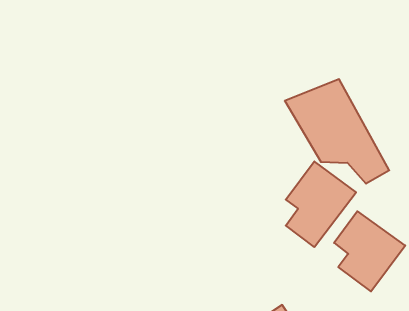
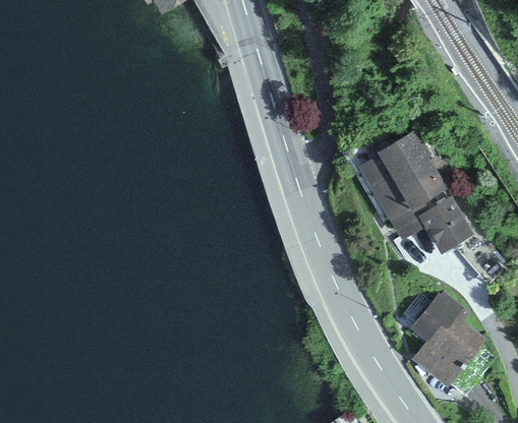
building: [286,161,356,247] -> none

